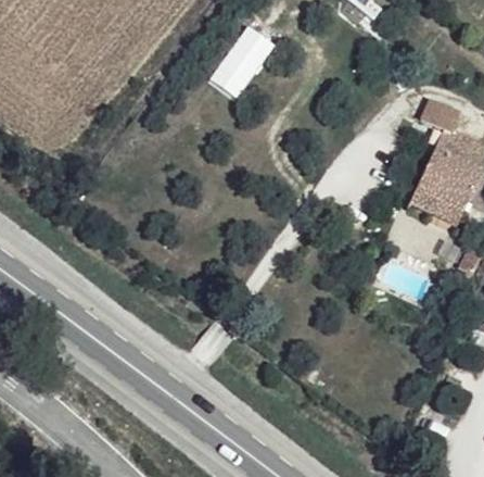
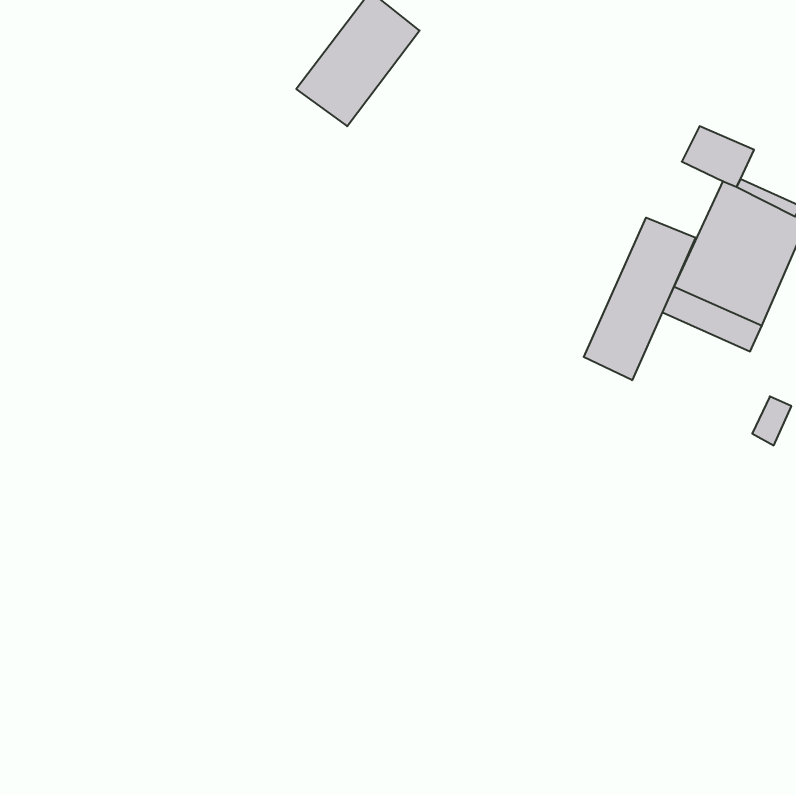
building: none -> [584,218,695,380]

